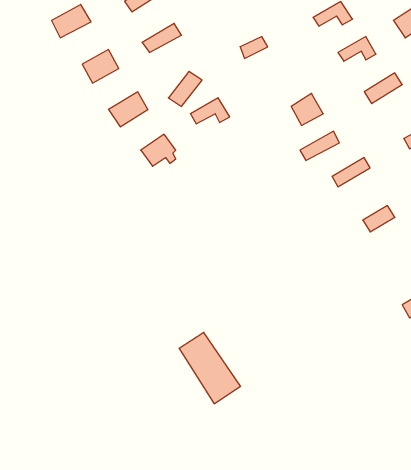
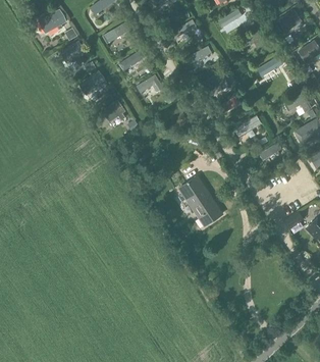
building: [179,332,241,404] -> [179,175,222,225]

